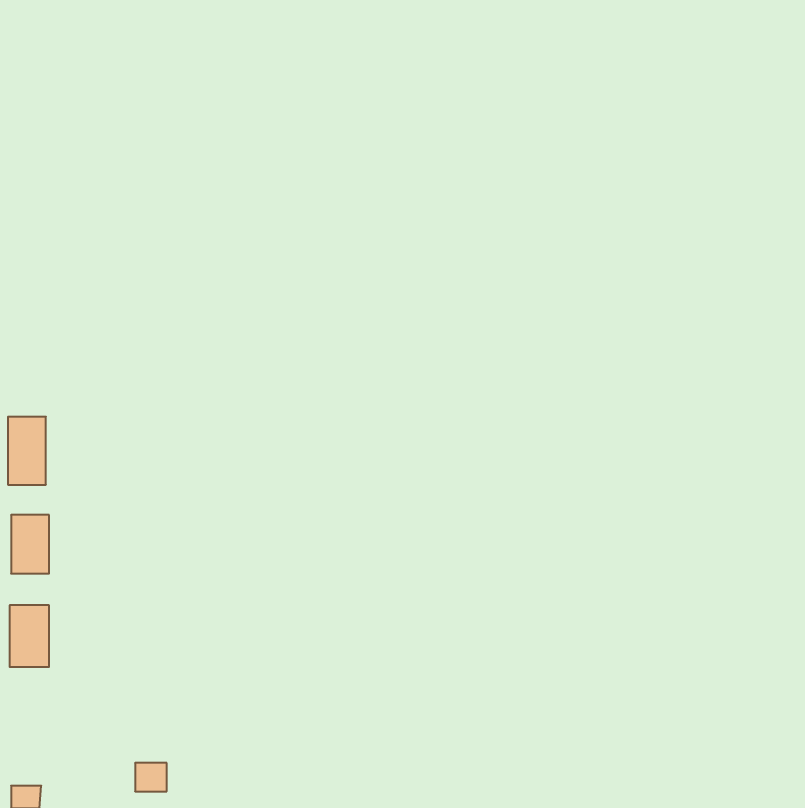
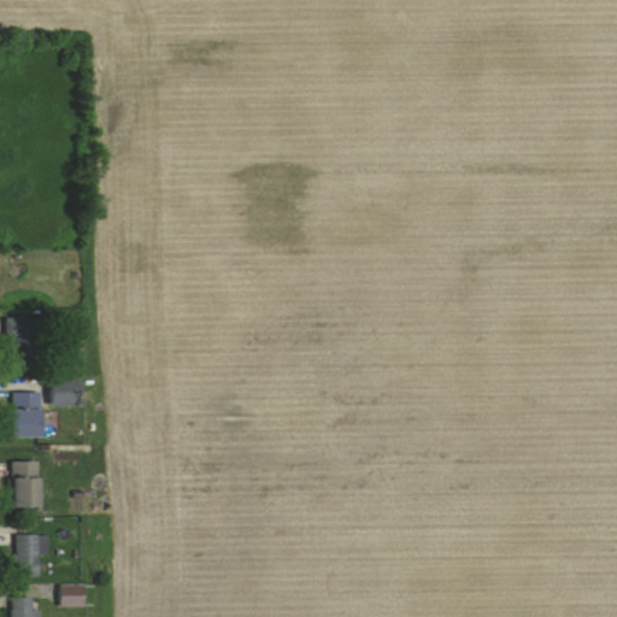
building: none -> [53,380,81,405]
building: none -> [14,535,48,576]
building: [135,763,167,791] -> [61,584,86,606]

